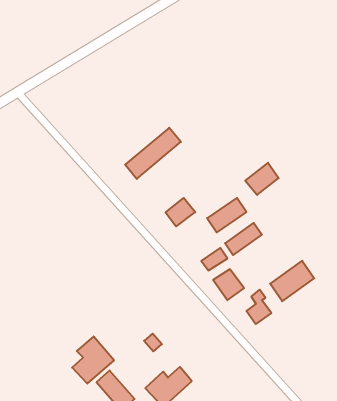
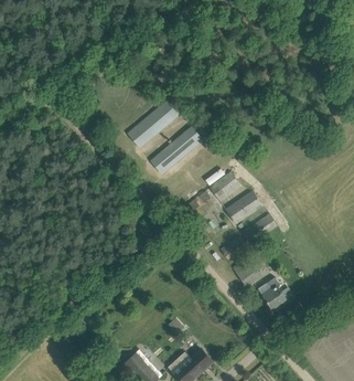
building: none -> [127,99,179,147]
building: [245,163,279,195] -> [210,171,240,201]
building: [270,261,314,301] -> none
building: [72,336,114,384] -> none

